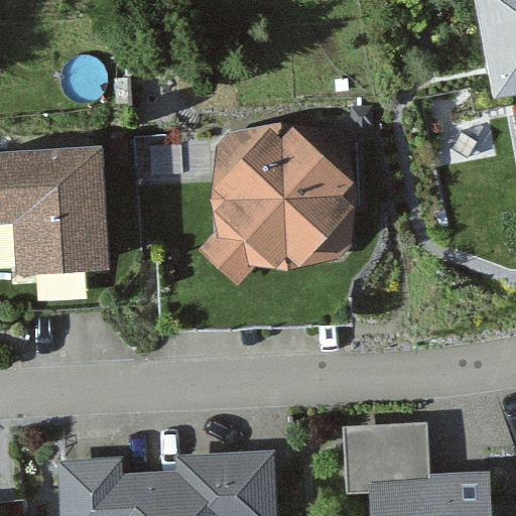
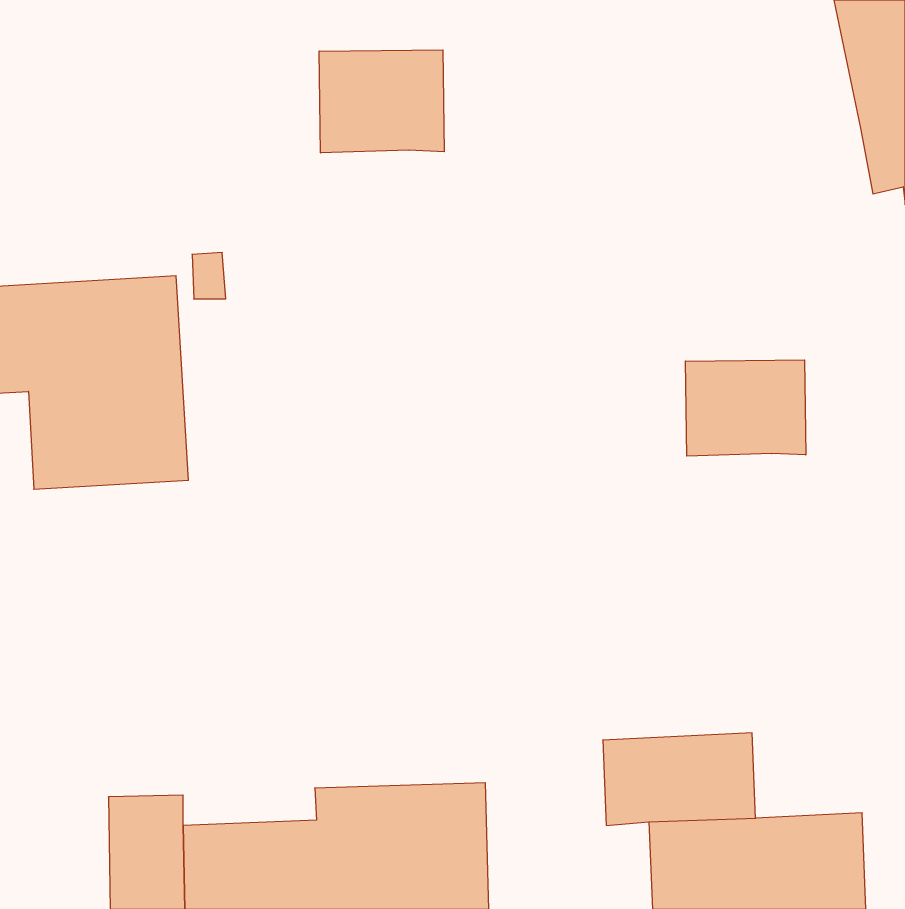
building: none -> [319,50,444,153]
building: [199,130,353,290] -> none
building: none -> [685,360,806,456]

